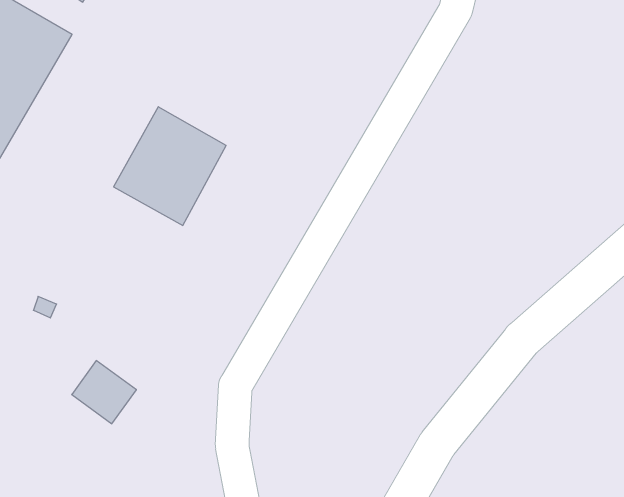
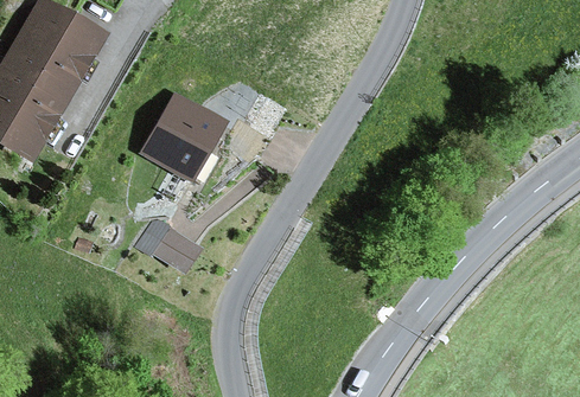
building: [72,361,136,424] -> [154,226,204,275]

